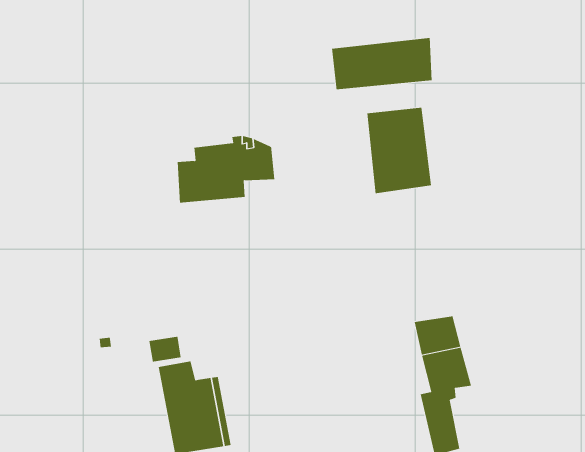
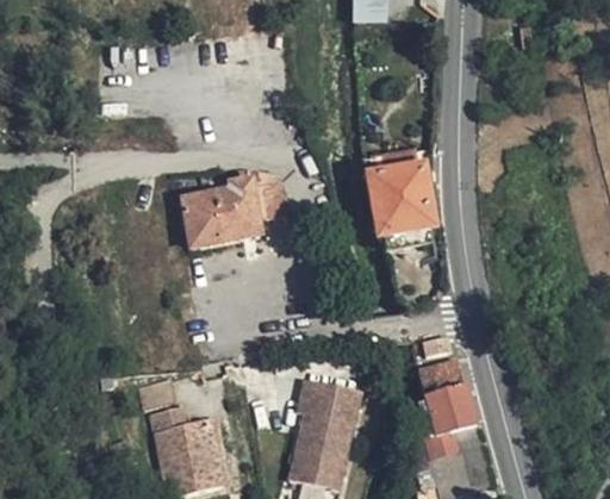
building: [332,37,432,90] -> none
building: none -> [293,378,360,487]

